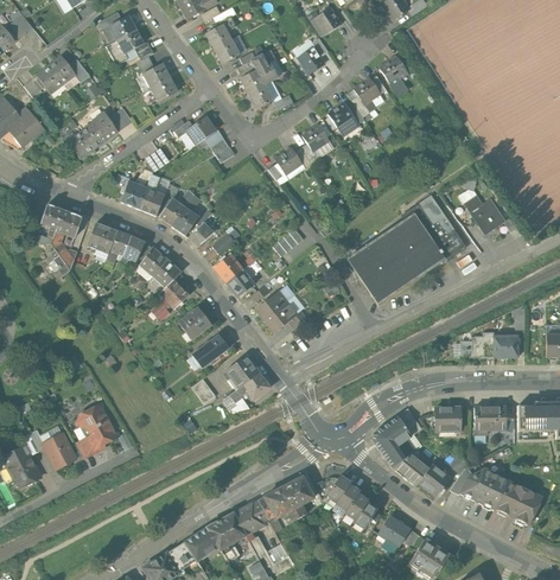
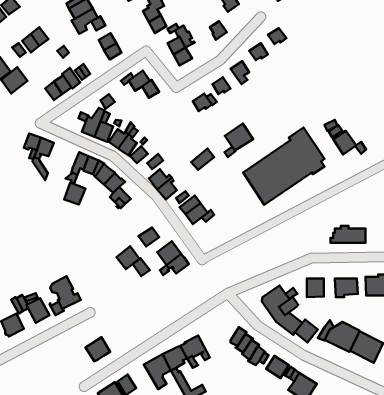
building: none -> [225,124,253,150]
building: [88,222,117,253] -> [64,182,86,205]
building: [179,307,211,339] -> [116,246,139,269]
building: [284,476,314,517] -> none
building: [185,527,219,560] -> [86,337,110,361]

